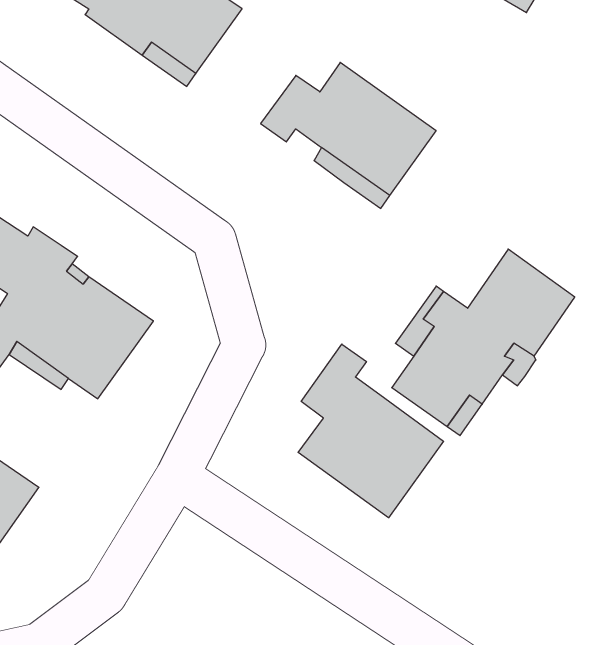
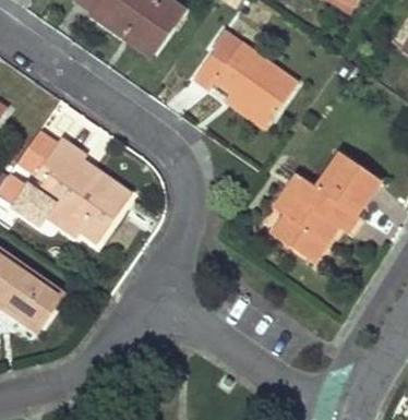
building: [298,344,444,518] -> none

